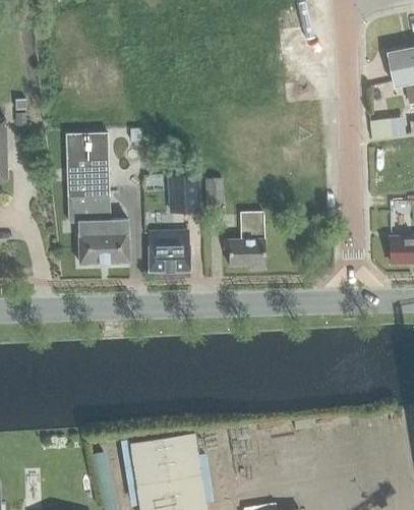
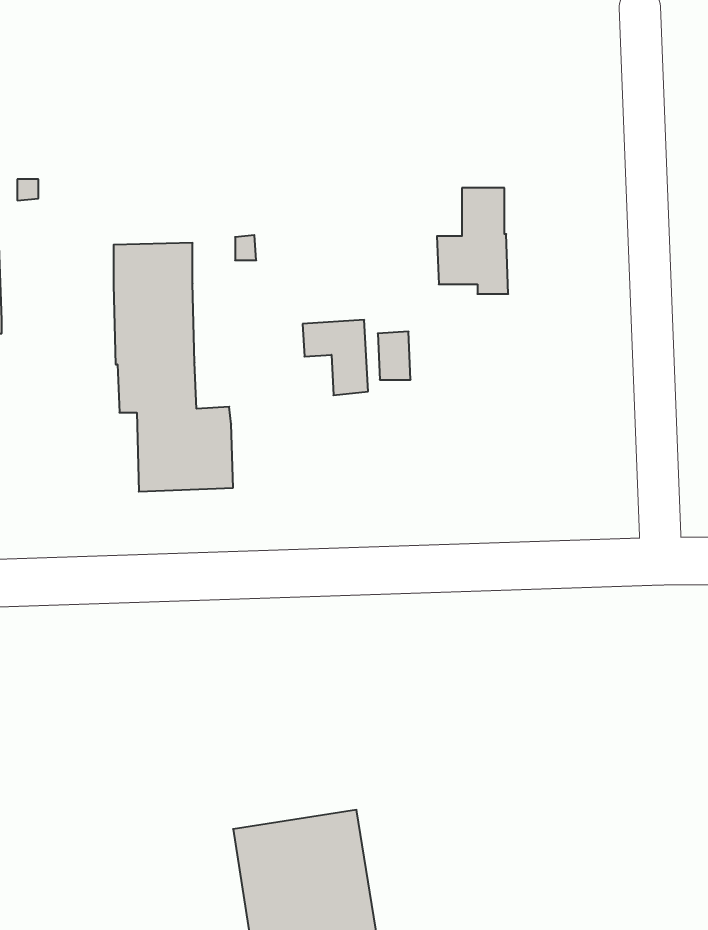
building: [228,214,265,270] -> [437,188,508,294]
building: [149,232,190,272] -> none

